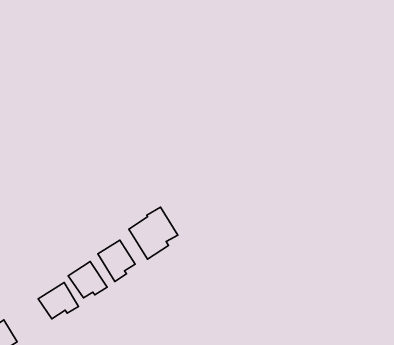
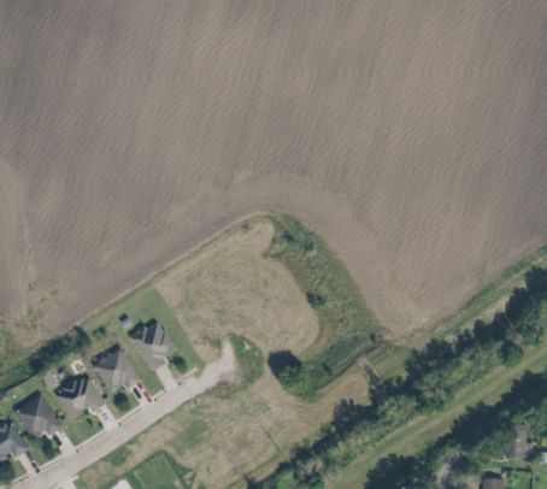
building: [129,207,178,259] -> none
building: none -> [14,394,59,436]

